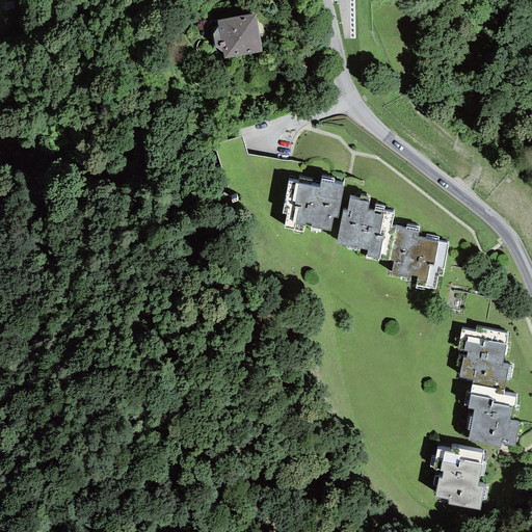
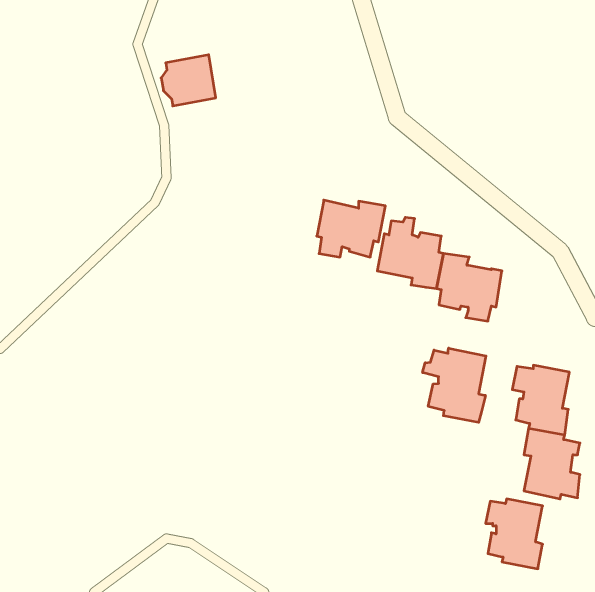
building: [213,11,262,57] -> [161,55,216,106]
building: none -> [423,348,486,422]

